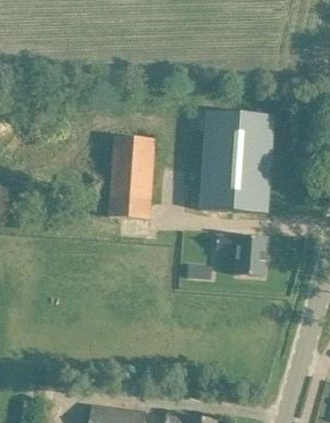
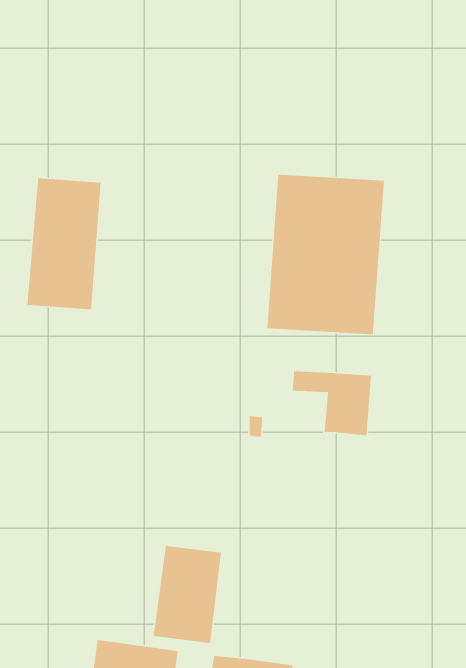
building: [107,135,154,219] -> [26,177,102,310]
building: none -> [153,545,222,644]

